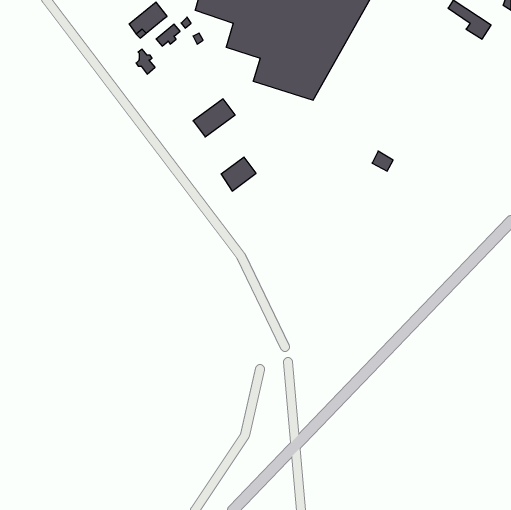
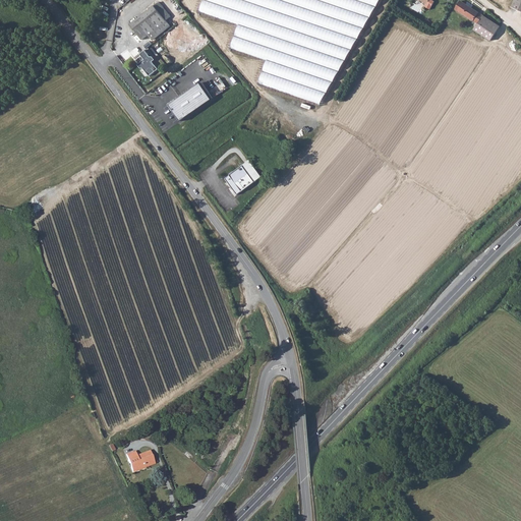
building: [193,99,235,137] -> [169,83,212,122]
building: none -> [126,449,154,471]

